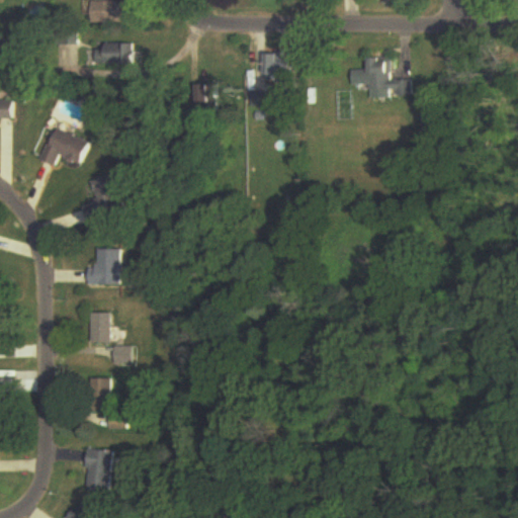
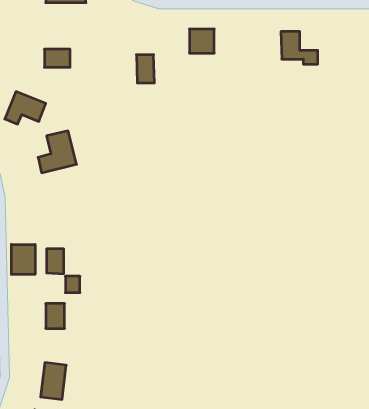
building: [101,41,132,63] -> [44,49,70,67]
building: [85,249,118,283] -> none
building: none -> [11,244,35,274]

